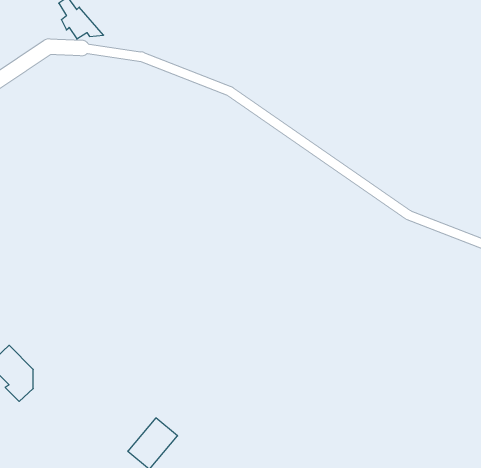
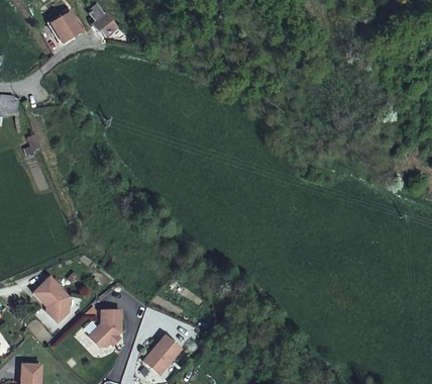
building: none -> [48,11,79,42]
building: none -> [89,311,121,347]

